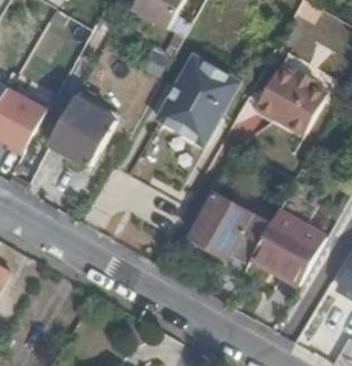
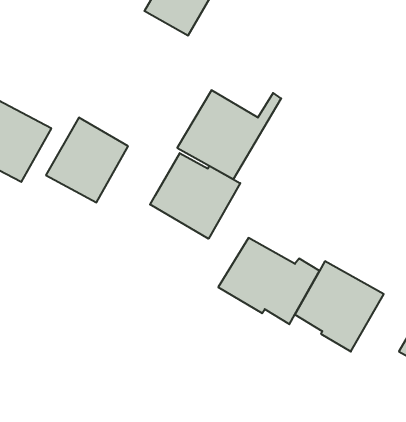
building: [183,54,232,96] -> none
building: [253,65,325,137] -> none
building: none -> [150,153,240,239]

